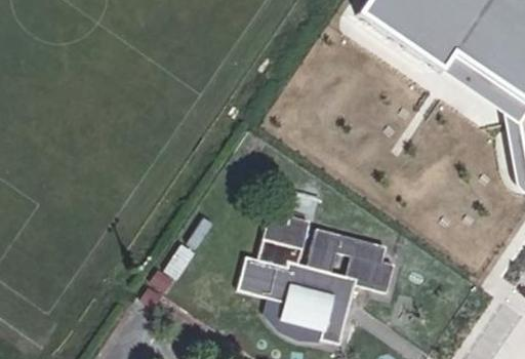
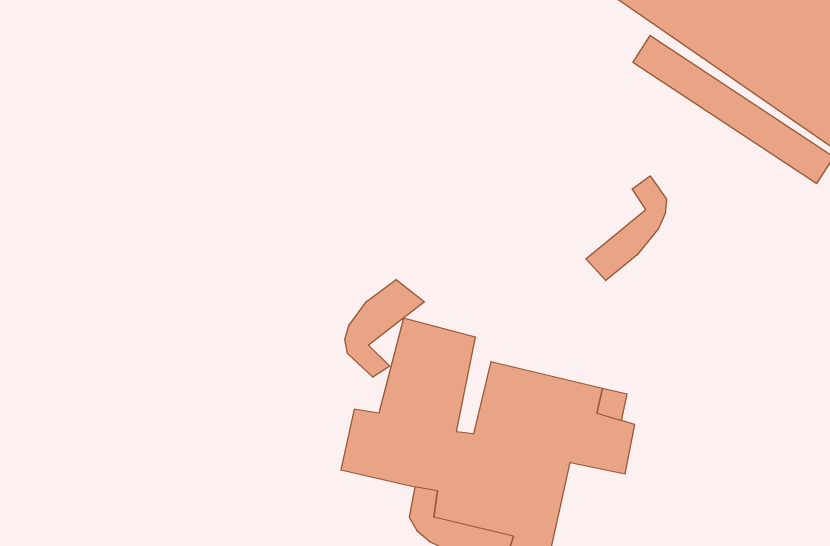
building: none -> [586,176,667,281]
building: none -> [345,279,425,377]

